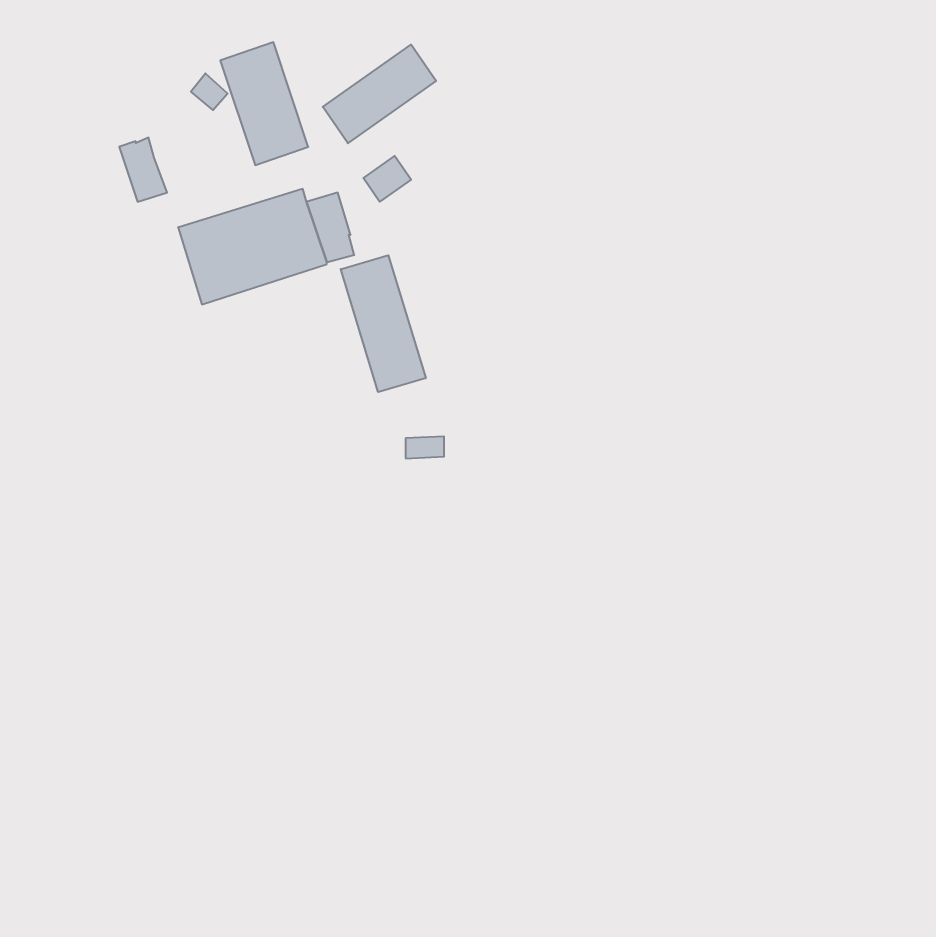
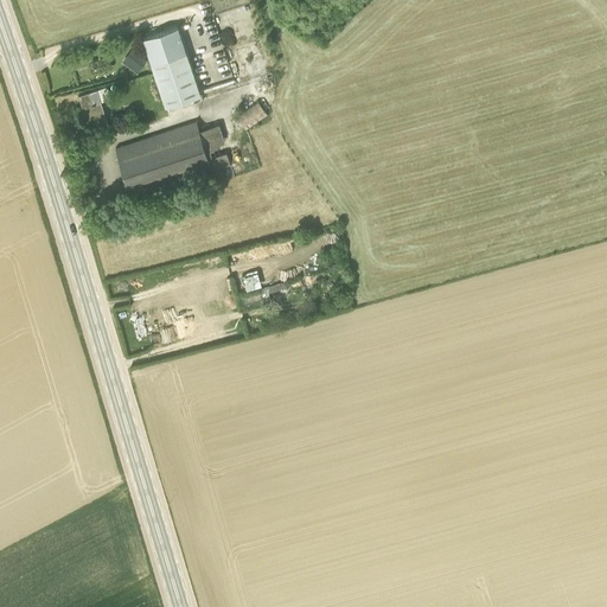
building: [323,45,436,143] -> none
building: [341,255,426,392] -> none

